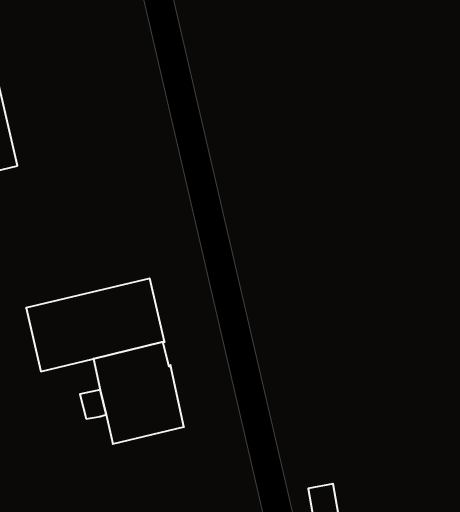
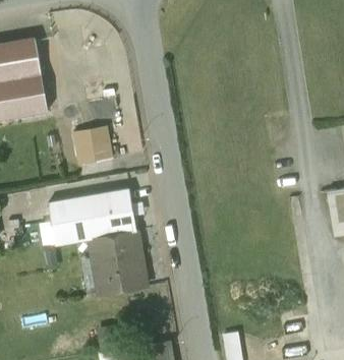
building: none -> [73,127,112,164]

